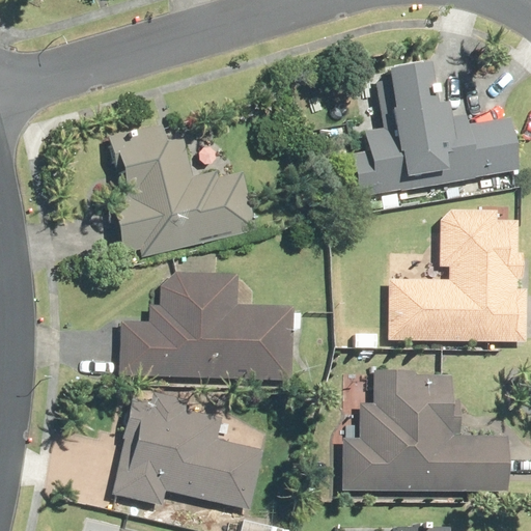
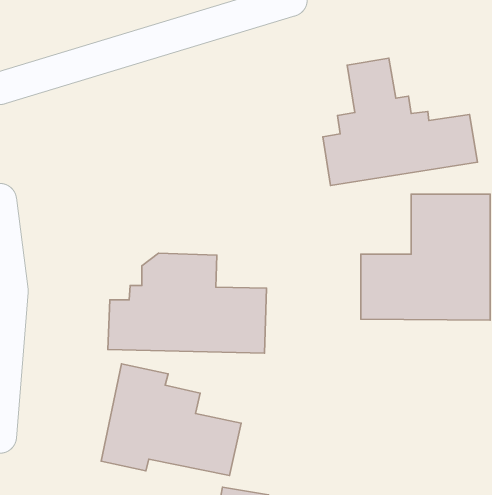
building: [105,131,267,259] -> none
building: [342,370,519,492] -> none

